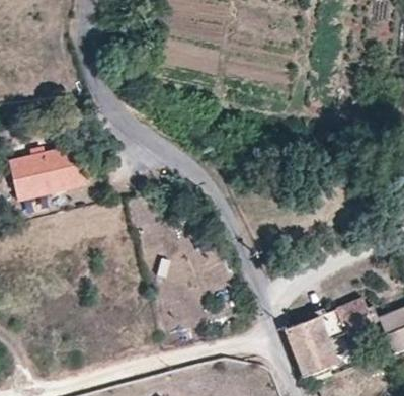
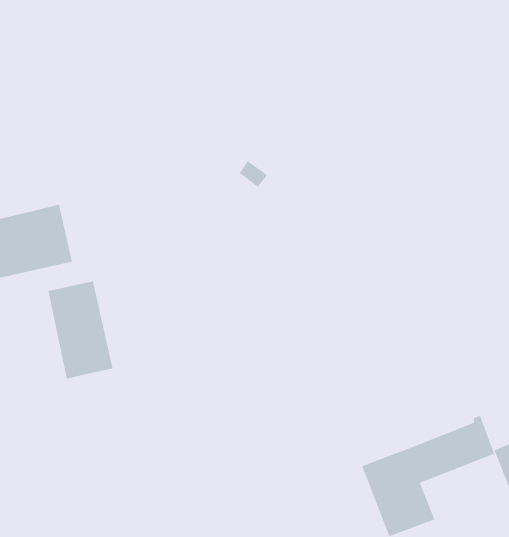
building: none -> [47,280,113,380]

